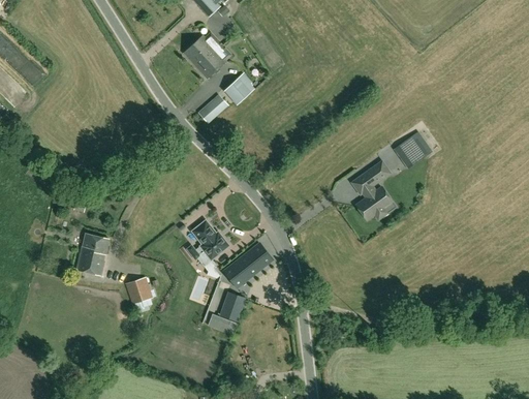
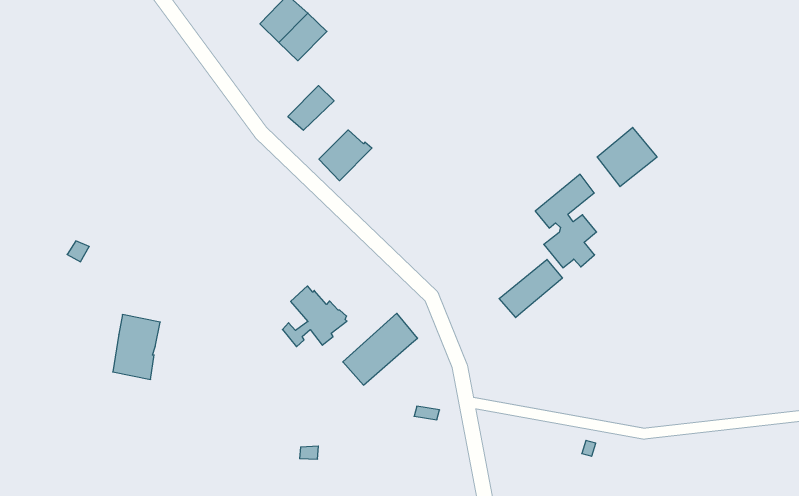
building: [223,72,257,104] -> [319,130,372,181]
building: none -> [499,259,562,318]
building: [125,276,152,304] -> none
building: [220,291,244,320] -> none

